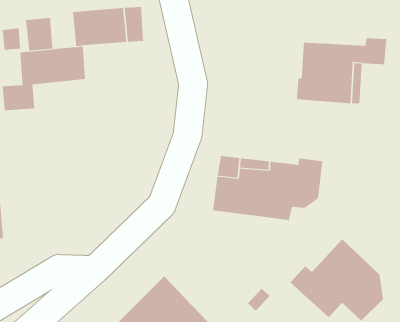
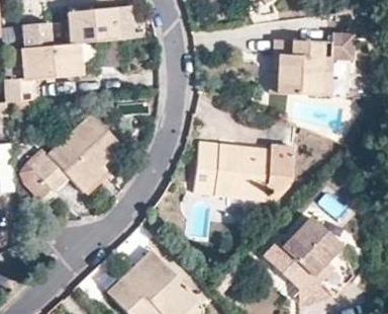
building: none -> [34,114,121,192]

